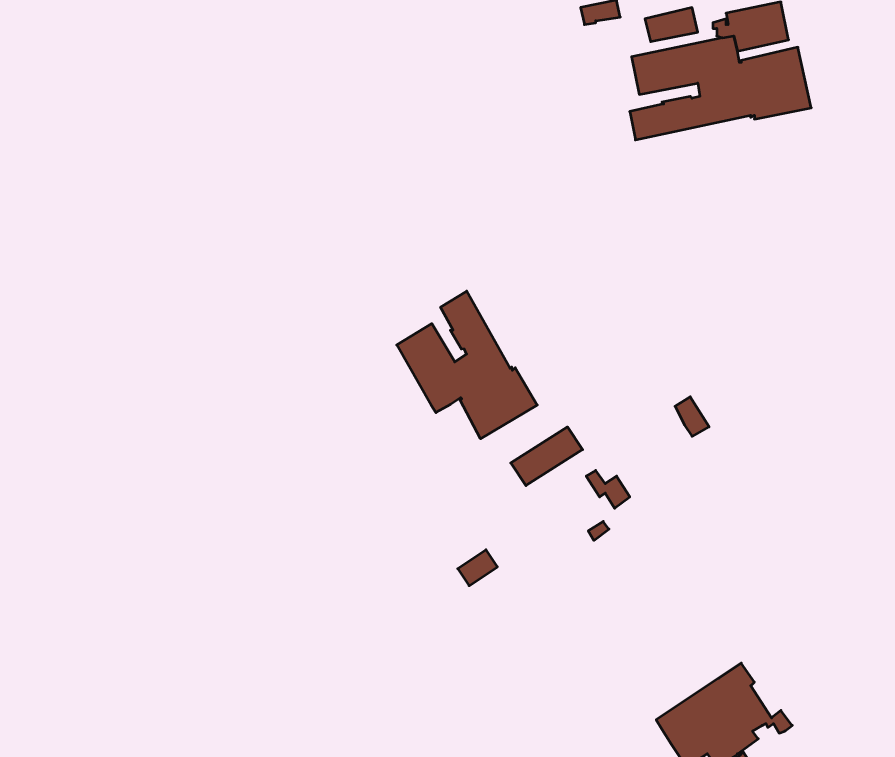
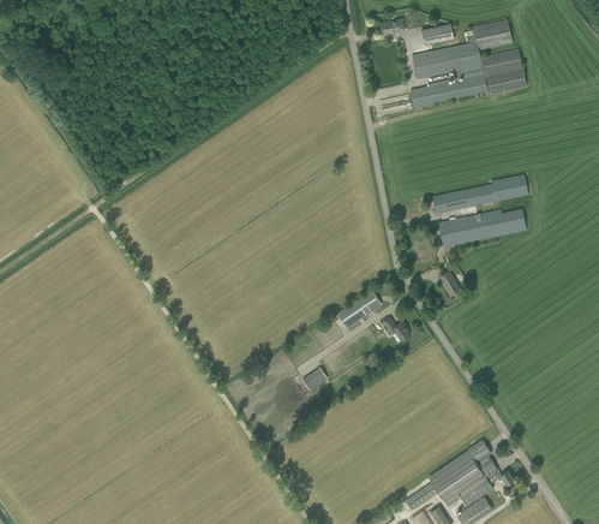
building: none -> [432,174,527,214]
building: [397,291,537,439] -> none
building: none -> [437,208,526,248]

